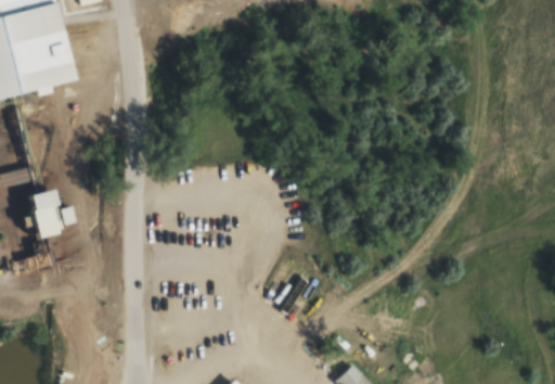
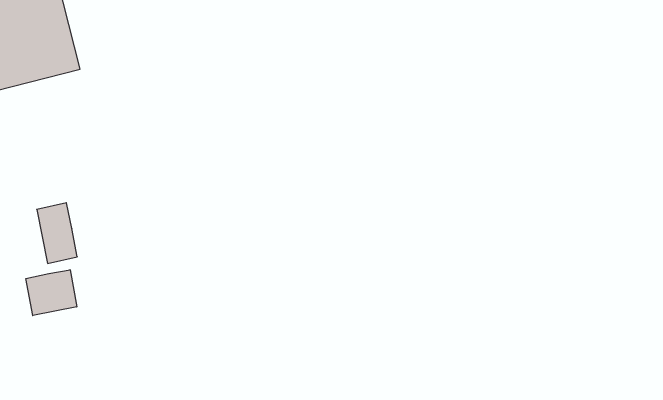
building: none -> [26,270,77,316]

